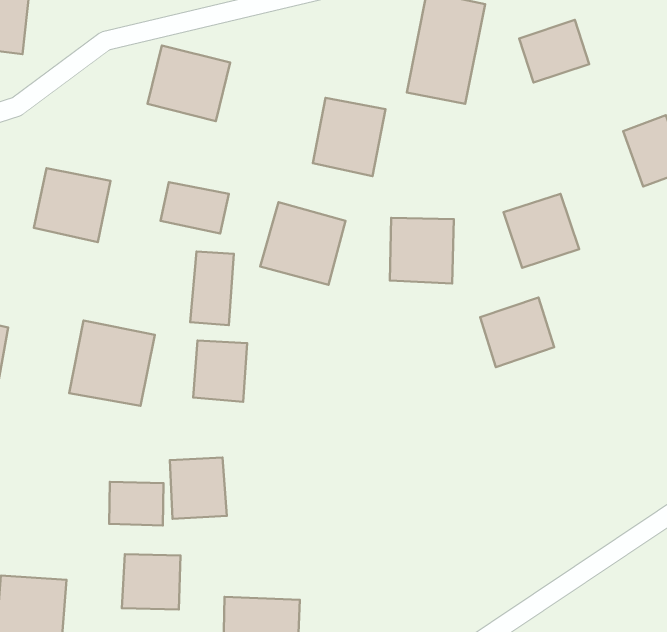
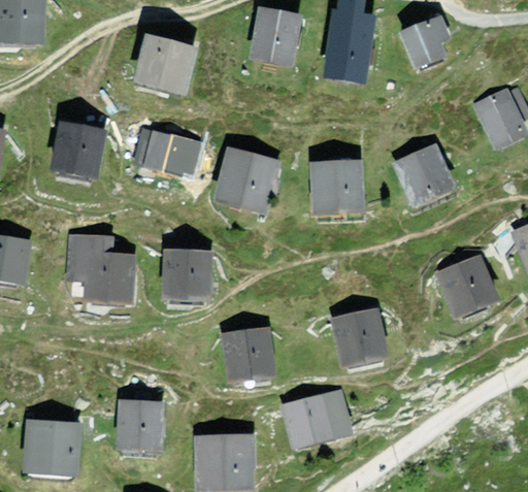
building: [313,98,385,176] -> [251,9,303,66]
building: [190,252,234,325] -> none
building: [480,297,554,367] -> [435,259,489,309]
building: none -> [332,311,373,360]
building: [170,457,227,519] -> [228,334,269,379]
building: [109,482,163,525] -> none
building: none -> [283,395,339,437]

